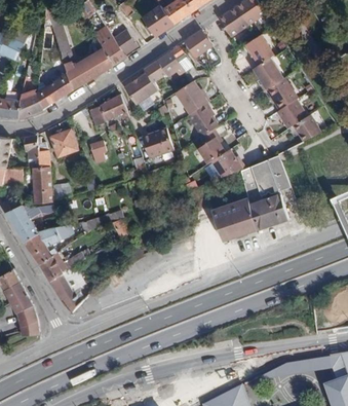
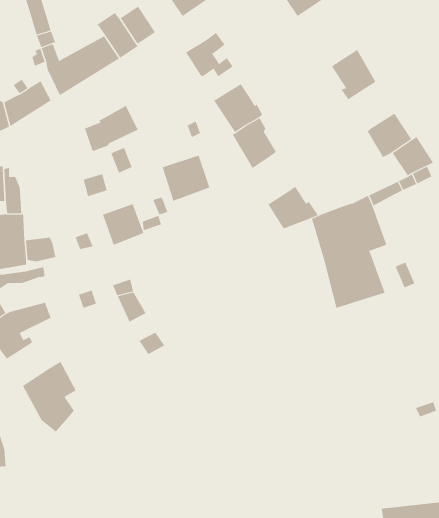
building: [183,30,211,61] -> none
building: [243,34,273,67] -> none
building: [121,60,165,105] -> none
building: [265,78,297,110] -> none
building: [198,128,225,162] -> none
building: [49,130,77,157] -> [102,204,144,245]
building: [210,197,256,241] -> none
building: [38,251,67,281] -> none

